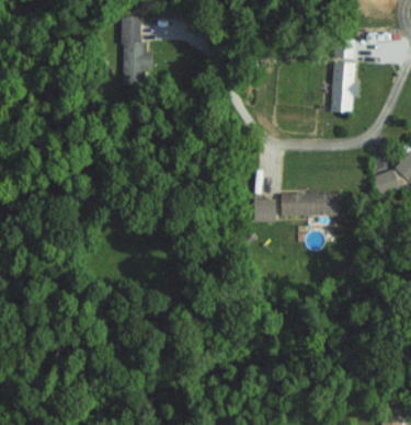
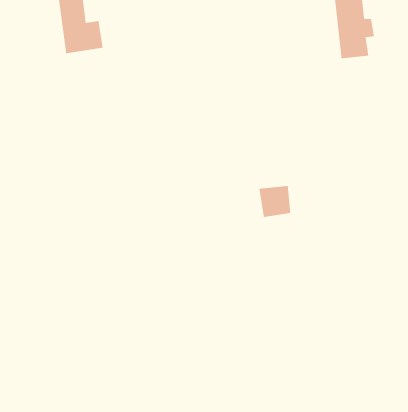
building: [279,192,339,216] -> none

